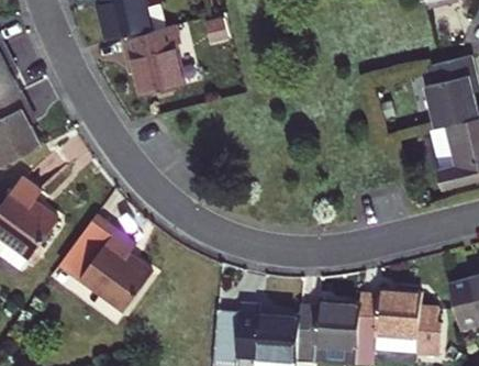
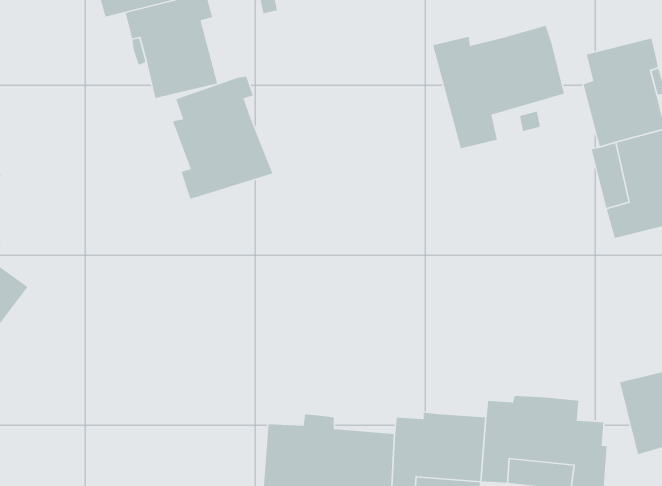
building: none -> [432,25,565,149]
building: none -> [172,76,273,200]
building: [60,215,153,311] -> none

